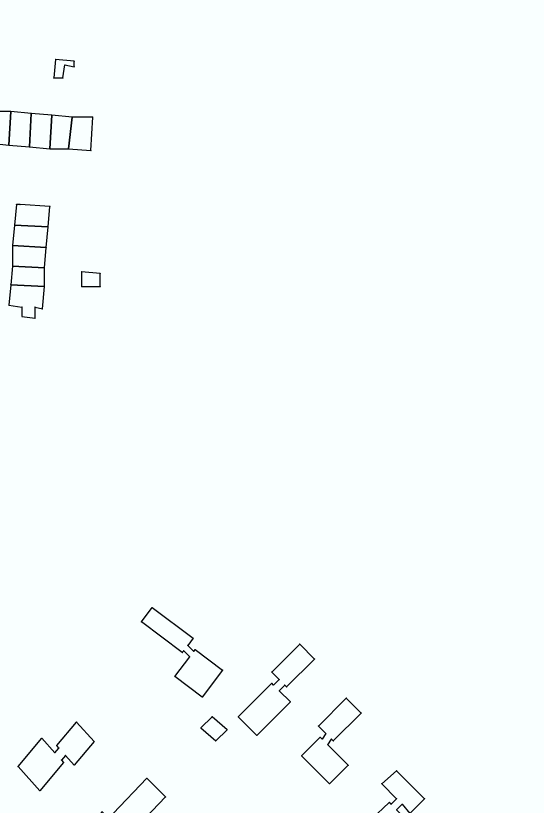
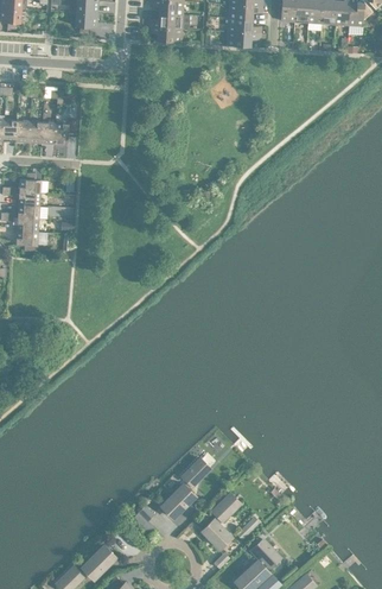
building: [141,608,223,697] -> none
building: [18,722,94,791] -> none

